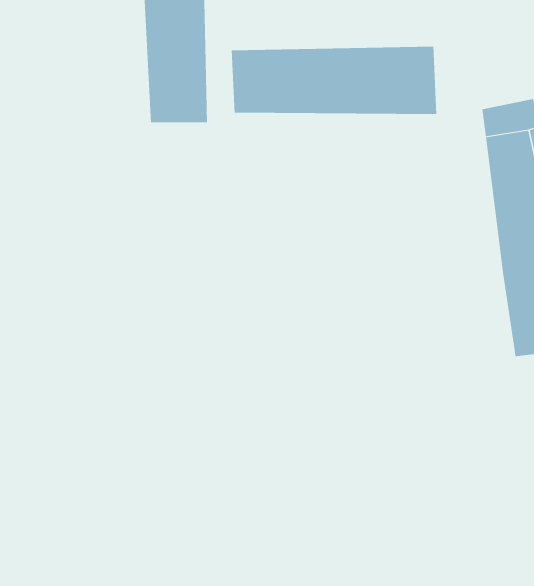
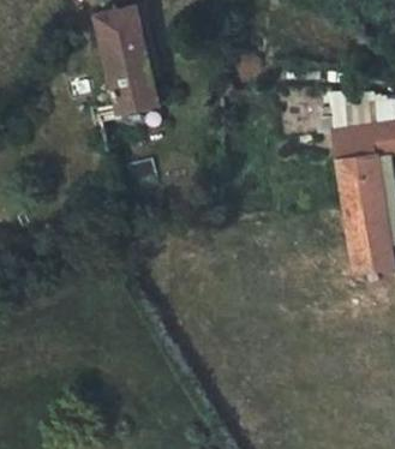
building: [231,46,437,115] -> none

